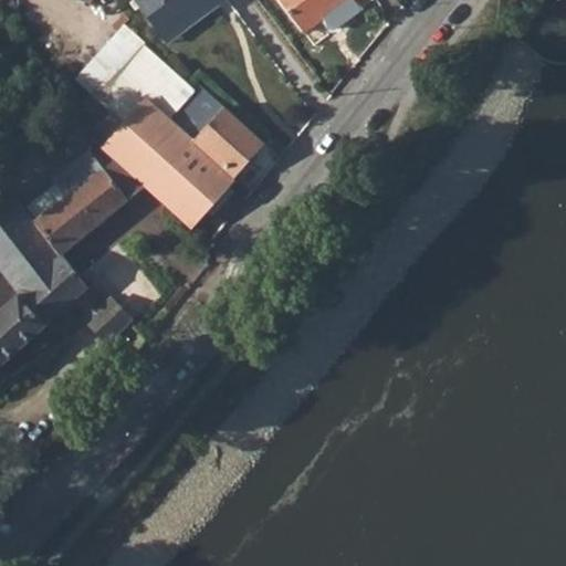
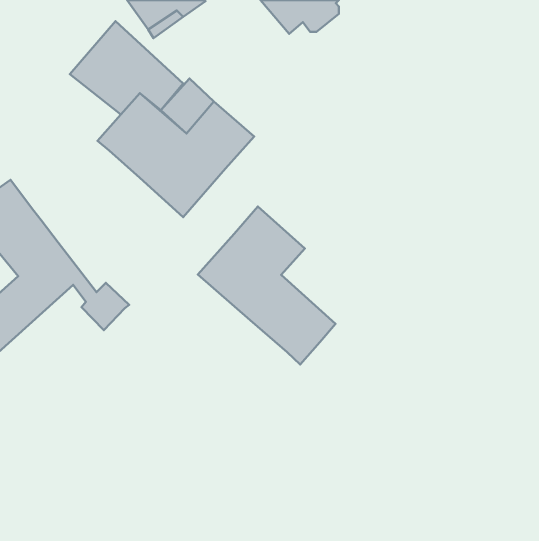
building: [35,147,146,253] -> none
building: none -> [198,207,336,364]

